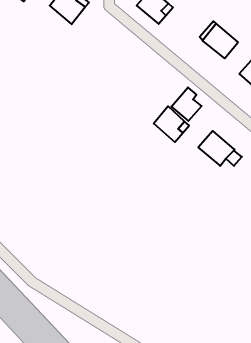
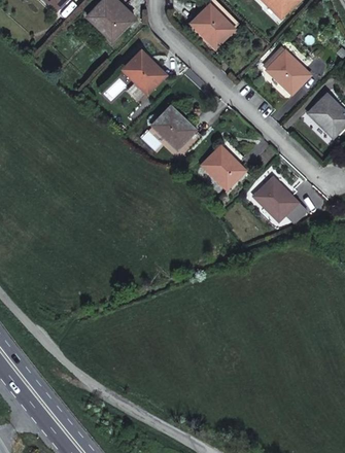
building: none -> [124,50,166,93]
building: none -> [153,106,196,148]
building: [171,87,202,121] -> none

